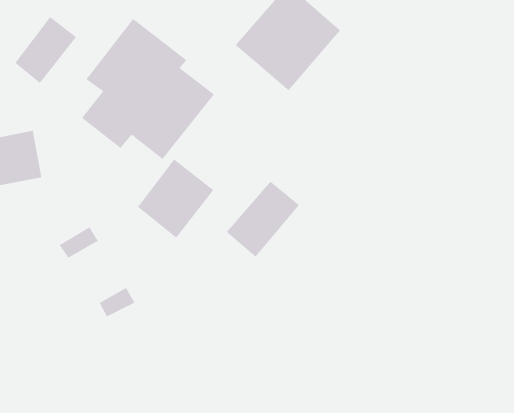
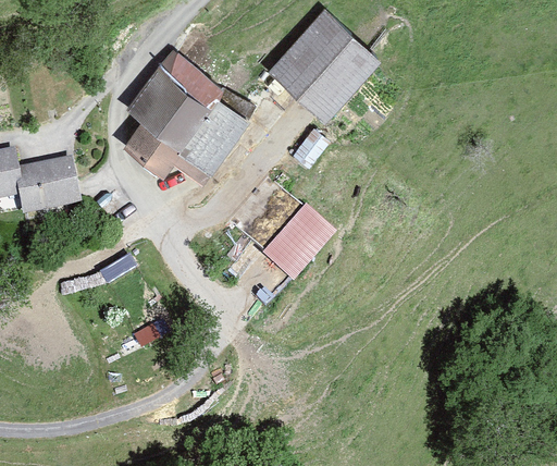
building: [14,16,77,84] -> none
building: [137,158,214,239] -> none

